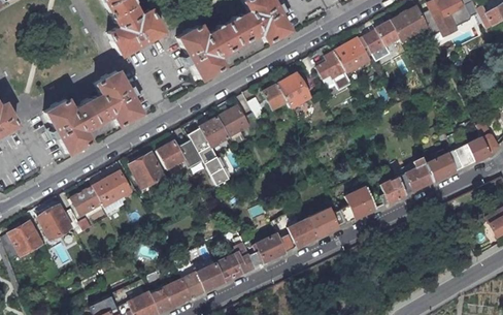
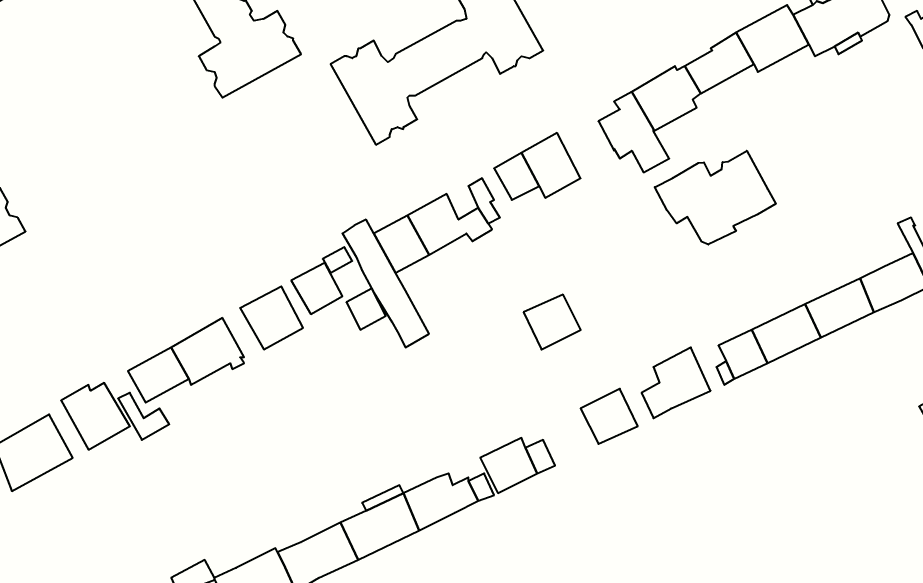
building: [45,71,141,153] -> none
building: none -> [655,151,776,245]
building: [289,218,318,247] -> [524,295,581,350]

